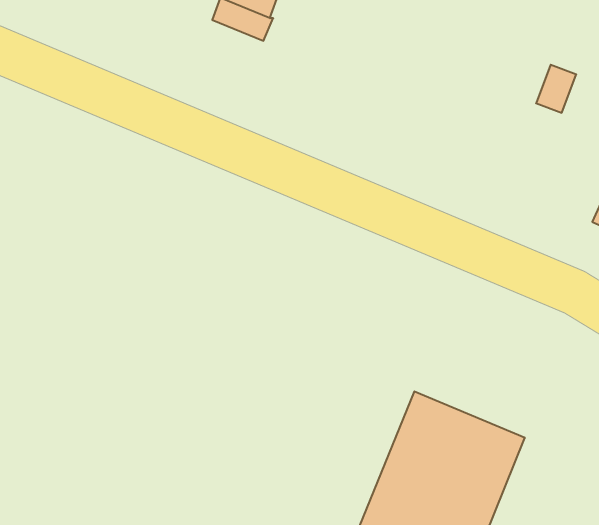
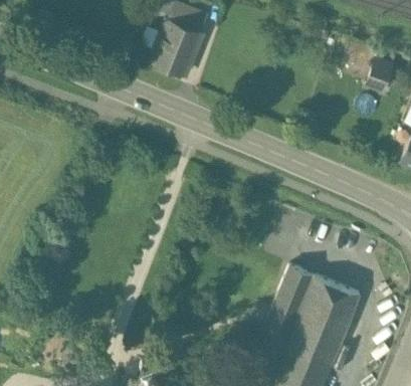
building: none -> [152,33,196,75]

